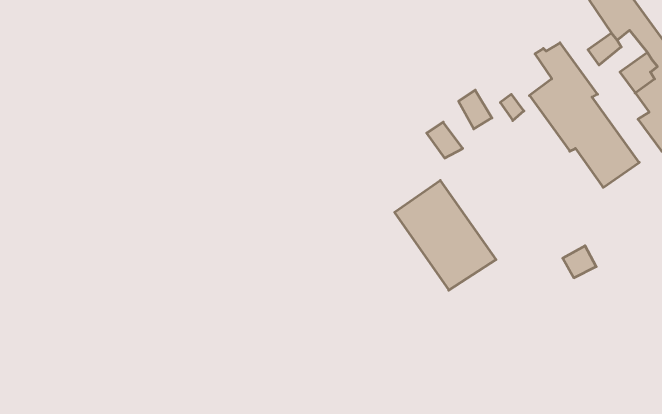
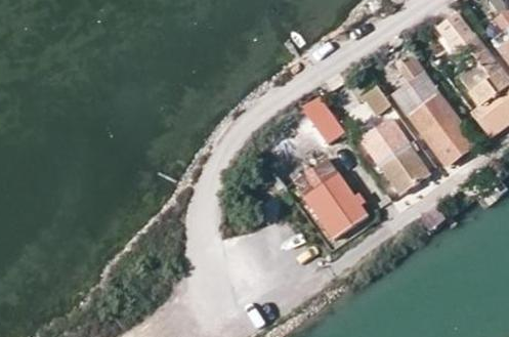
building: none -> [363,119,429,192]

